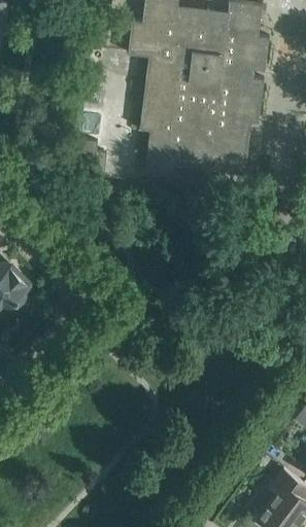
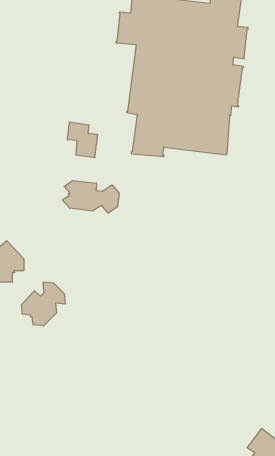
building: none -> [62,181,119,213]
building: none -> [21,282,65,326]

